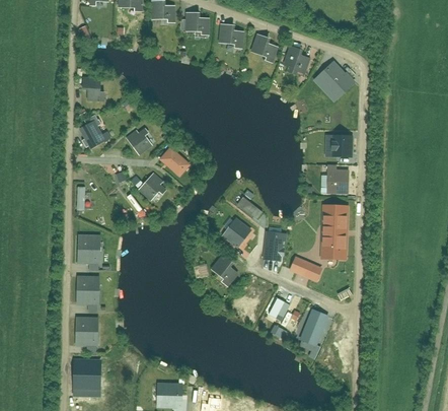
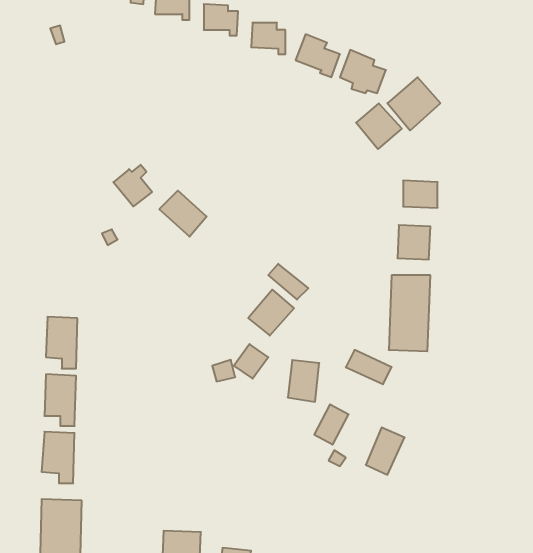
building: [82,77,103,100] -> none
building: none -> [356,103,402,149]
building: [77,118,110,147] -> none
building: [136,173,165,200] -> none
building: [264,232,286,262] -> [288,360,319,402]

